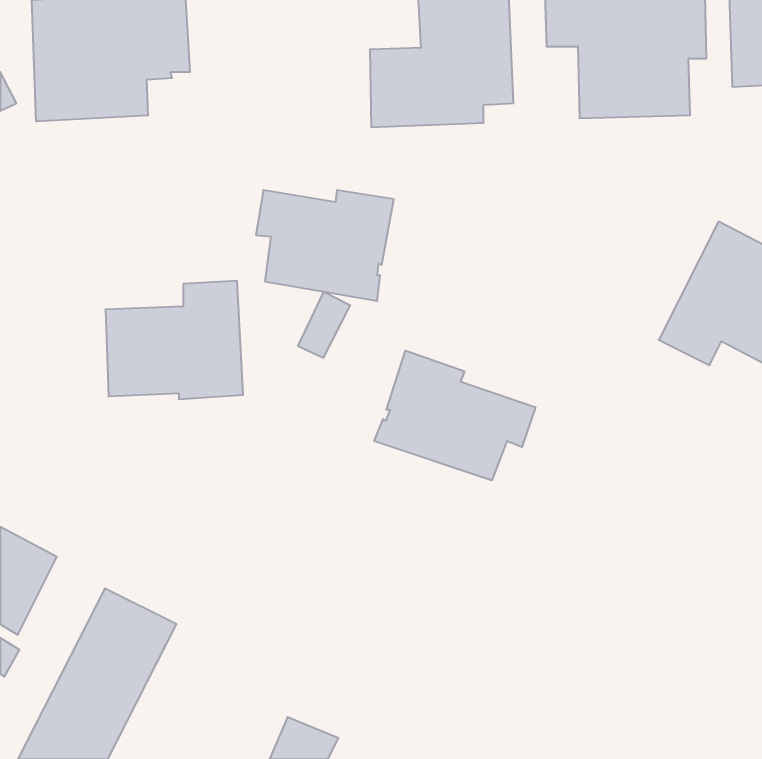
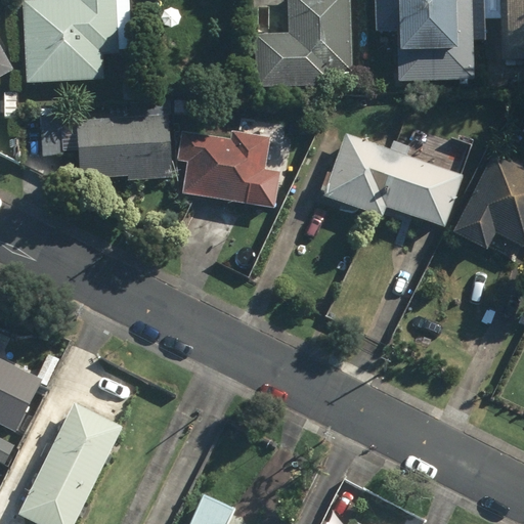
building: none -> [323,123,473,227]
building: [105,281,243,399] -> [78,99,172,180]
building: [374,351,535,480] -> none

